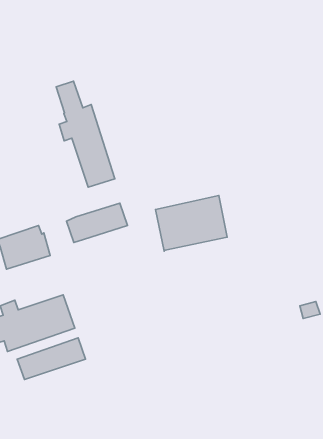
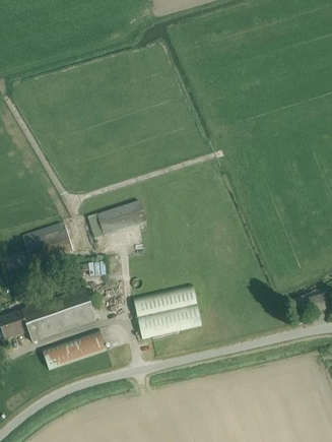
building: [56,81,115,187] -> none
building: [156,196,227,251] -> [132,286,200,338]

